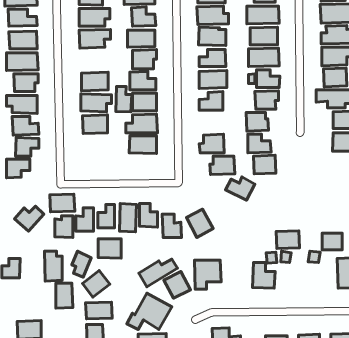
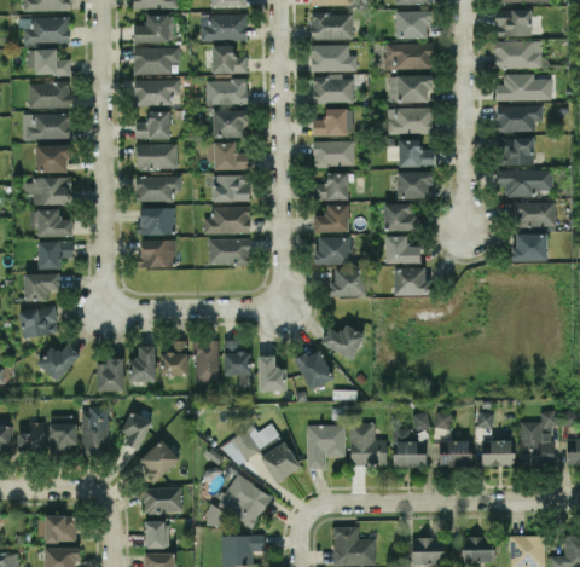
building: none -> [135,111,169,139]
building: [116,86,132,112] -> none
building: none -> [313,204,348,232]
building: none -> [139,239,175,267]
building: [226,177,255,200] -> [320,324,364,359]
building: [50,194,75,212] -> [19,308,57,335]
building: [276,231,300,249] -> [437,440,472,467]
building: [322,233,342,250] -> [482,440,512,465]
building: [98,239,121,258] -> none
building: none -> [349,423,385,465]
building: [56,283,73,308] -> [50,416,75,453]

